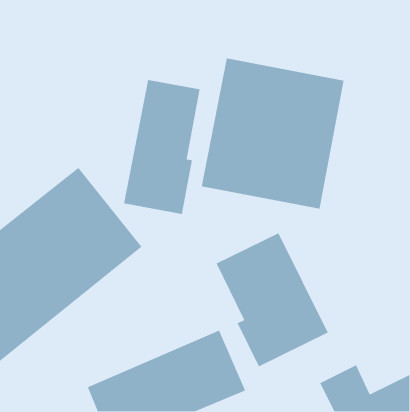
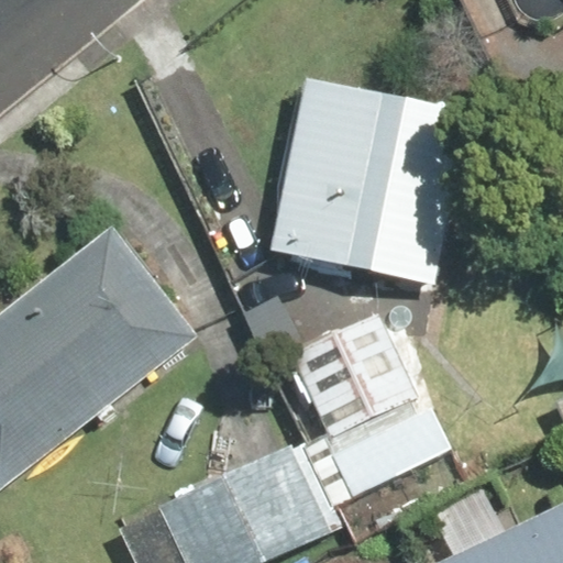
building: [123,79,201,215] -> none

